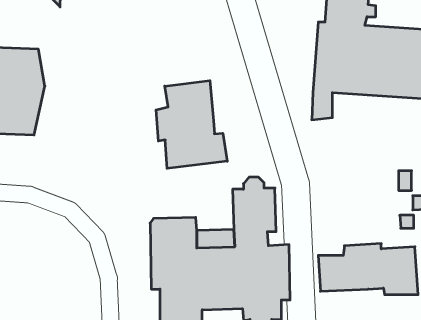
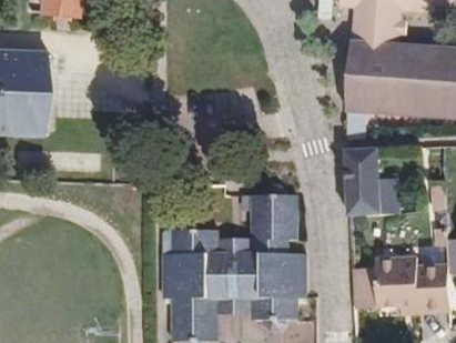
building: [156,81,227,168] -> none
building: none -> [341,143,414,212]

